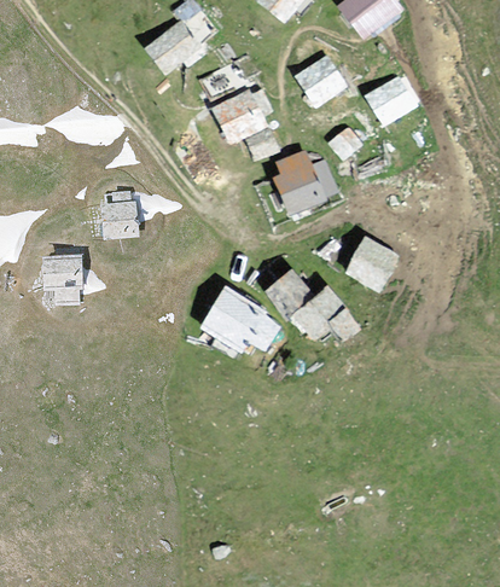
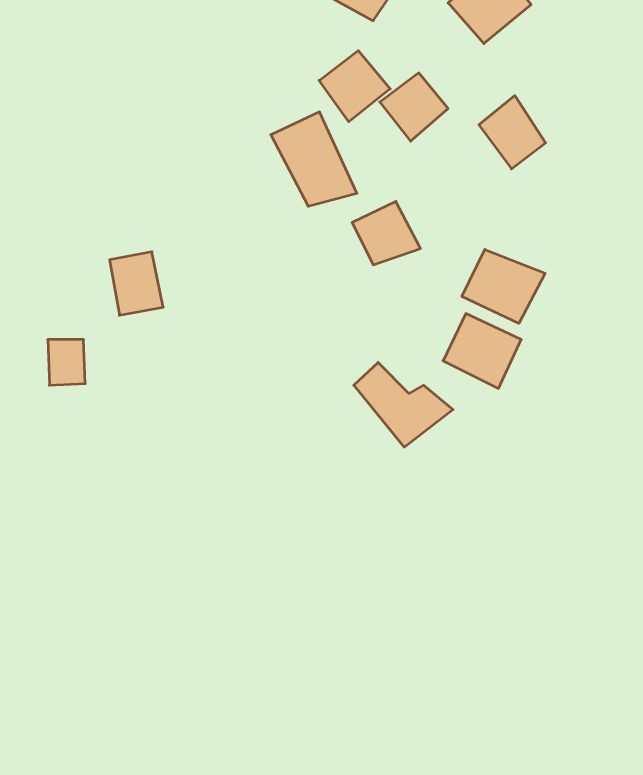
building: [146,22,202,71] -> none
building: none -> [319,51,390,122]
building: none -> [462,249,545,323]
building: [204,289,264,349] -> none

